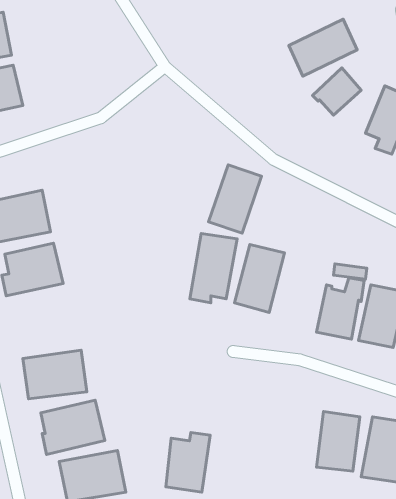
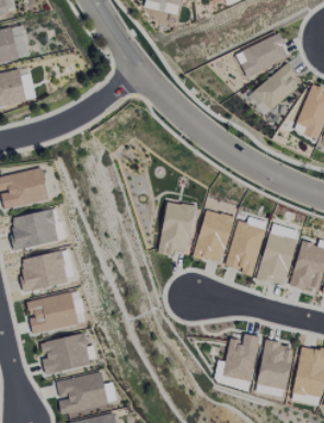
building: [209,165,262,233] -> [224,221,266,275]
building: none -> [23,255,66,287]
building: [166,433,210,492] -> [224,334,259,381]

